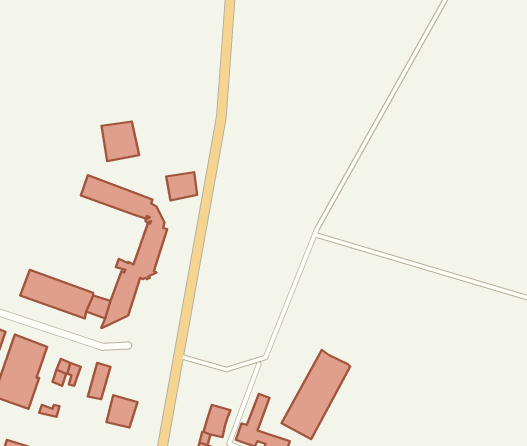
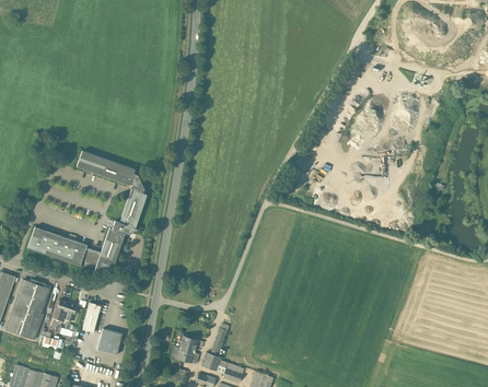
building: [102,122,139,161] -> none
building: [166,172,197,200] -> none
building: [281,350,350,439] -> none

